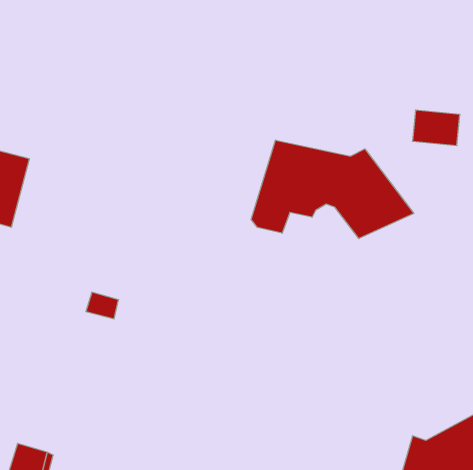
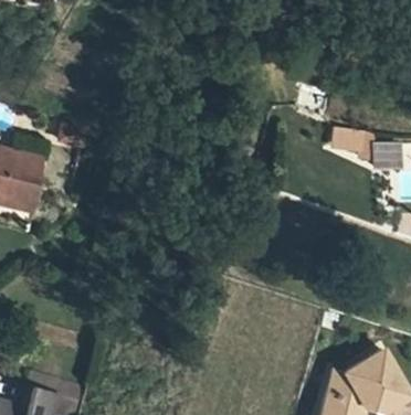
building: [251,140,414,239] -> none

